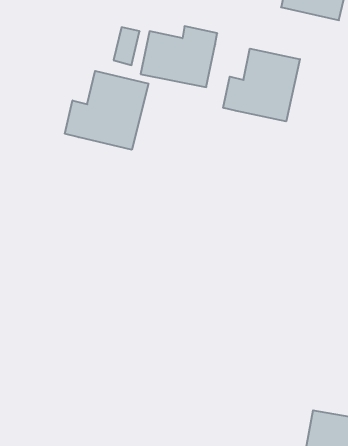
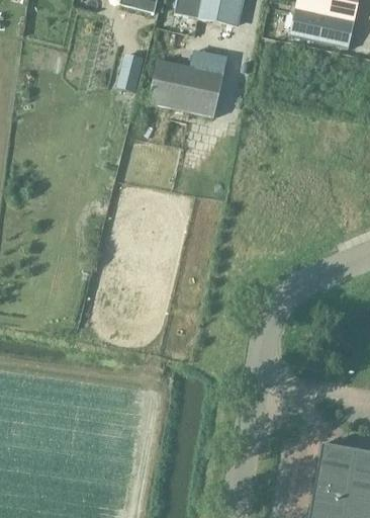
building: [223,49,300,121] -> none
building: [65,71,148,150] -> none

